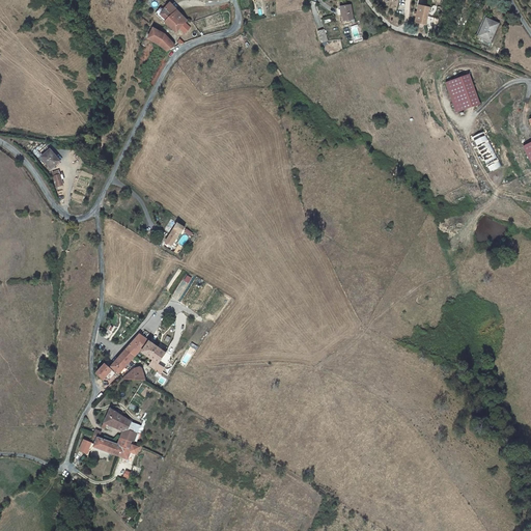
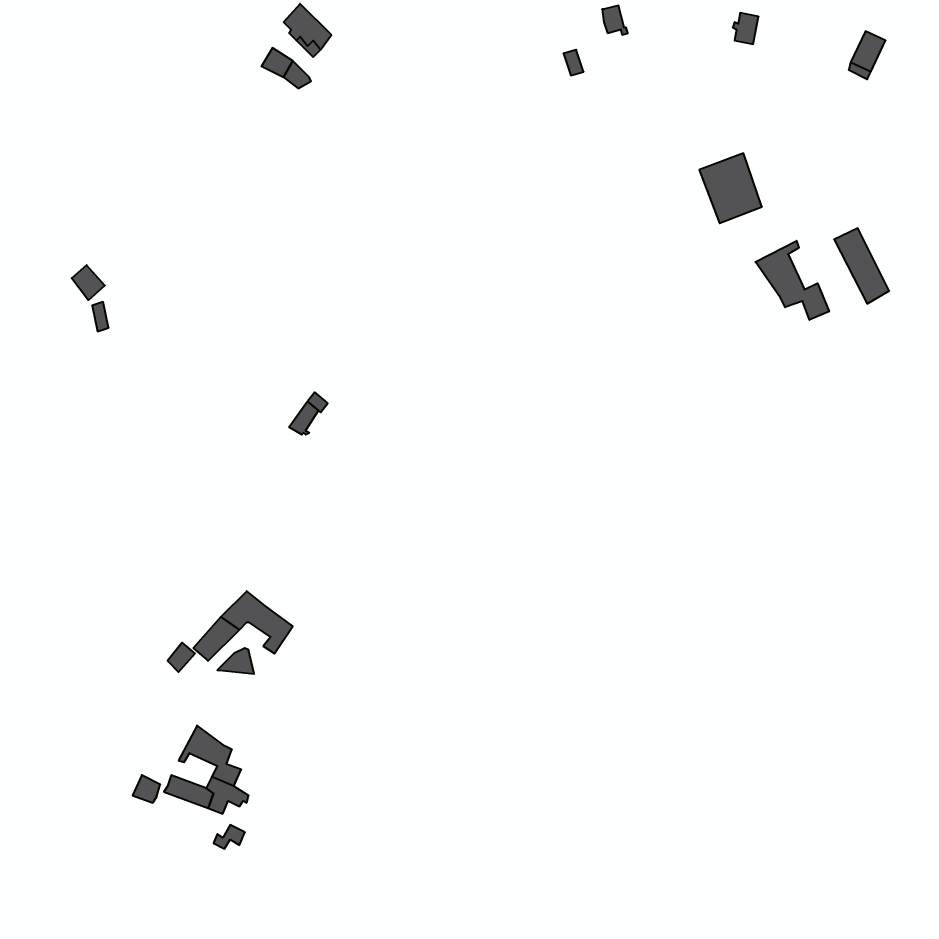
building: [444,73,479,112] -> [699,153,762,223]
building: none -> [755,241,829,320]

